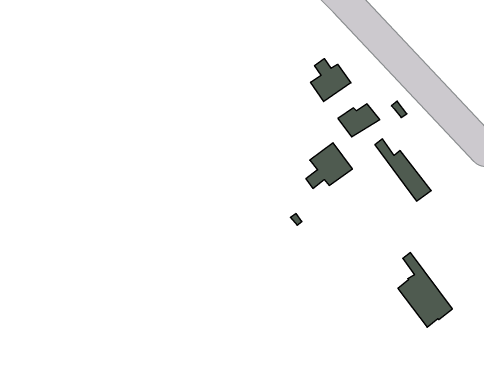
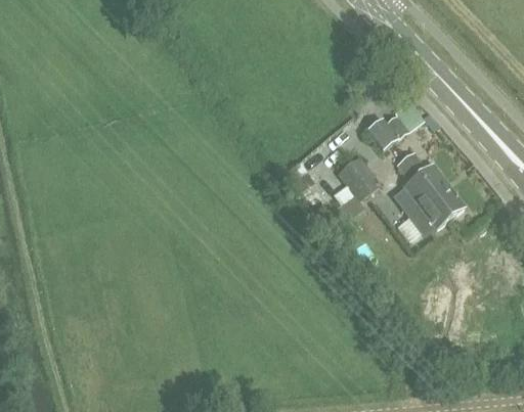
building: [311,59,351,102] -> none
building: [398,253,452,327] -> [392,157,449,236]

